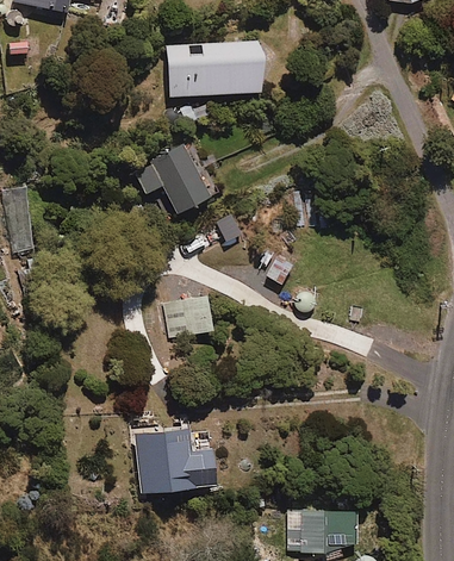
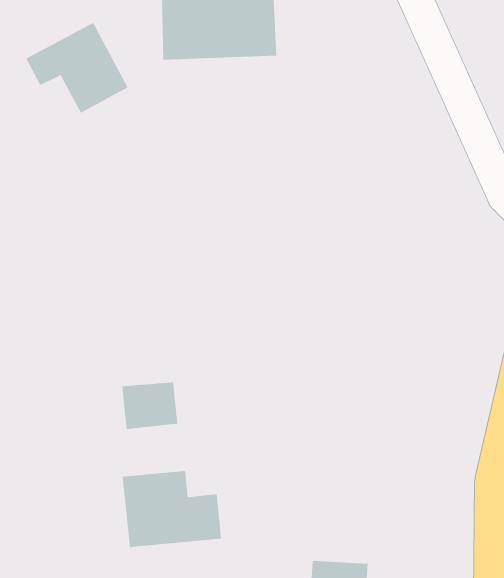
building: [132,141,217,216] -> [25,22,128,113]
building: [164,297,211,336] -> [122,382,178,430]

